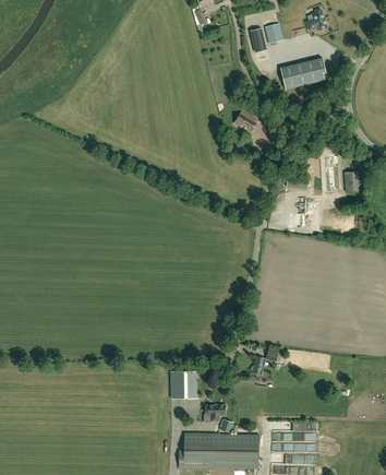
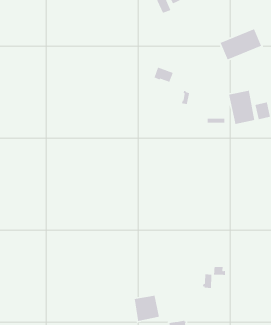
building: [279,58,327,90] -> [219,28,262,60]

